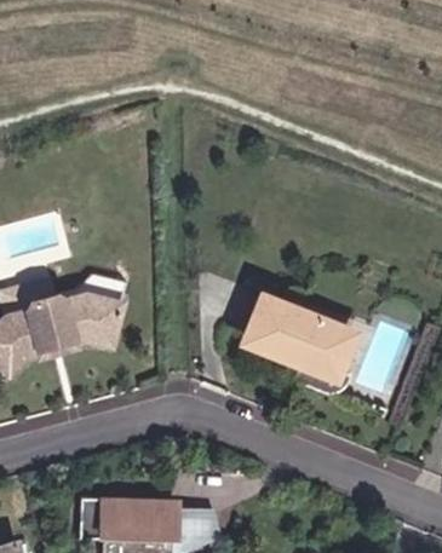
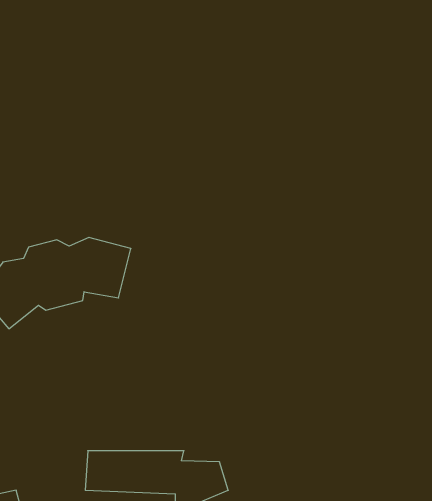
building: [237,289,357,388] -> none

